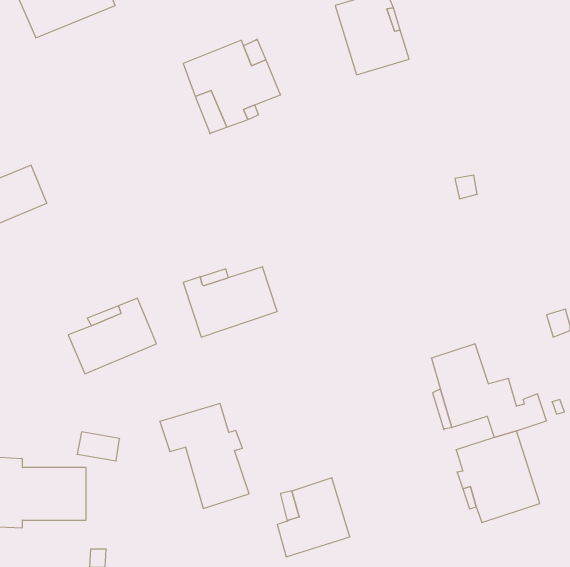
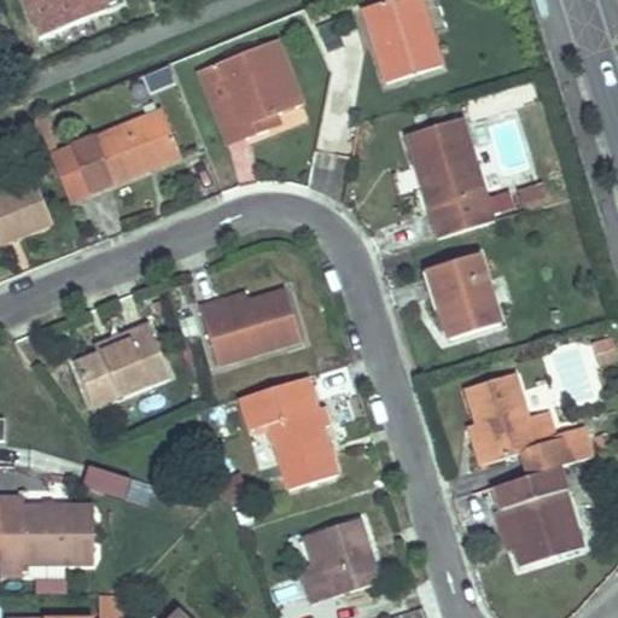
building: none -> [49,107,180,199]
building: none -> [404,116,488,238]
building: none -> [433,253,500,338]
building: [160,404,249,508] -> [240,375,337,489]

